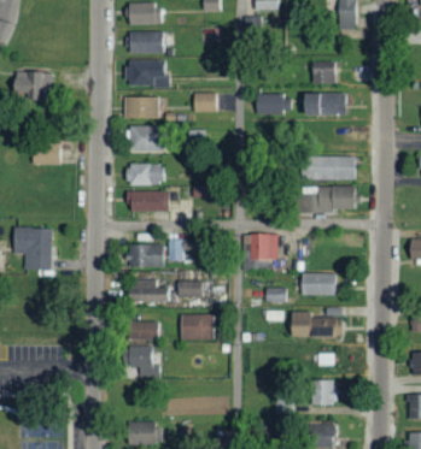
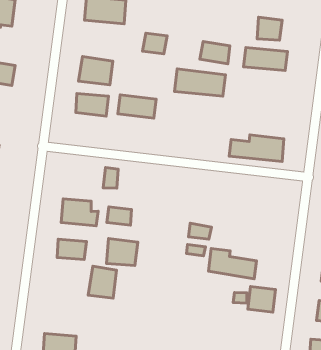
building: [124,96,159,118] -> none
building: [303,156,355,181] -> [174,69,225,96]
building: [130,191,169,212] -> [118,95,156,118]
building: [248,235,277,260] -> none
building: [129,244,164,267] -> none
building: [300,273,335,295] -> none
building: [125,345,152,377] -> [88,266,116,298]
building: [311,380,338,404] -> [248,287,275,312]

